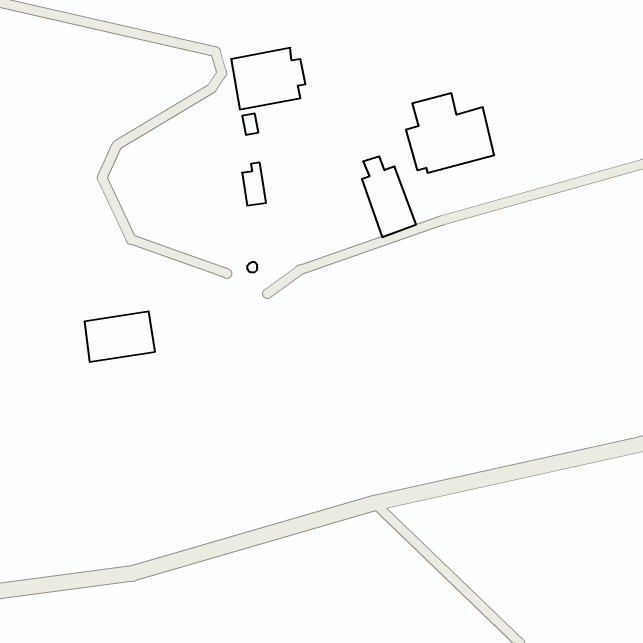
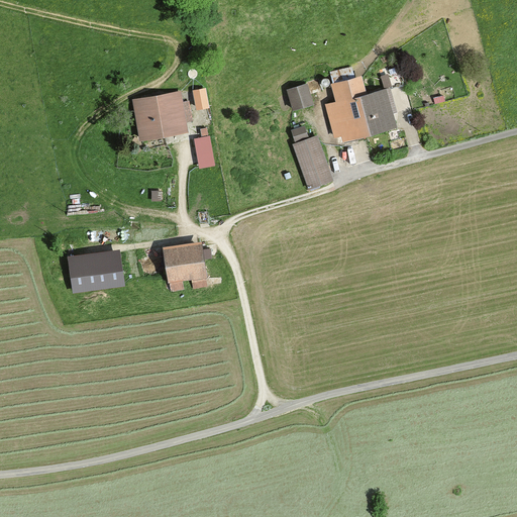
building: [231,48,305,110] -> [132,92,192,141]
building: none -> [287,84,312,108]
building: none -> [163,240,211,294]

